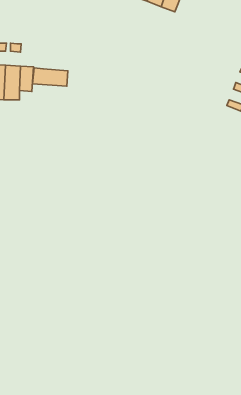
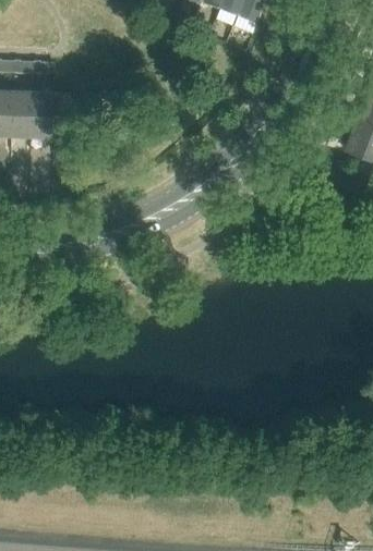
building: [32,68,68,86] -> none

